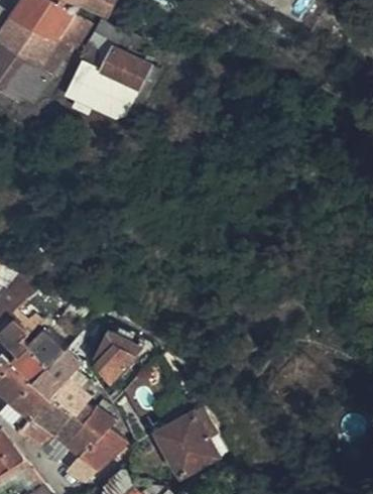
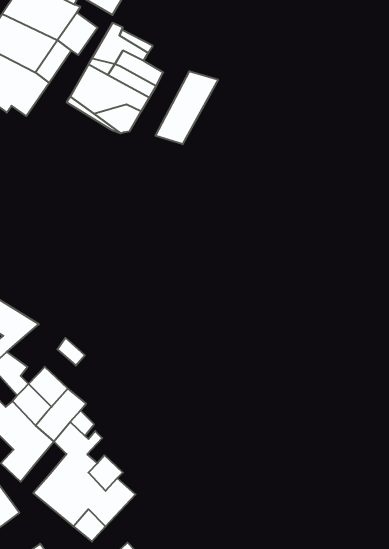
building: none -> [155,71,218,144]
building: [98,330,137,376] -> none
building: [153,408,220,475] -> none

